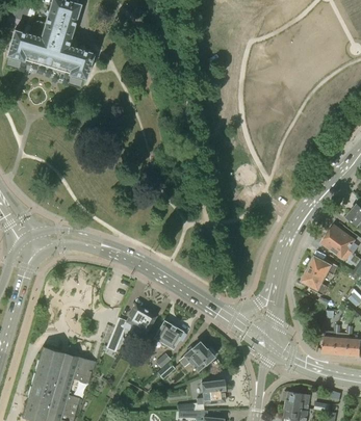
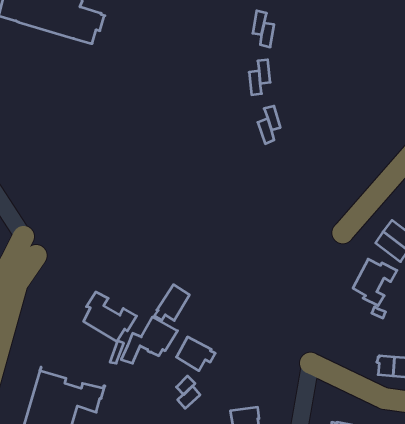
building: none -> [155,285,189,321]
building: none -> [84,292,137,341]
building: [180,342,217,372] -> none

